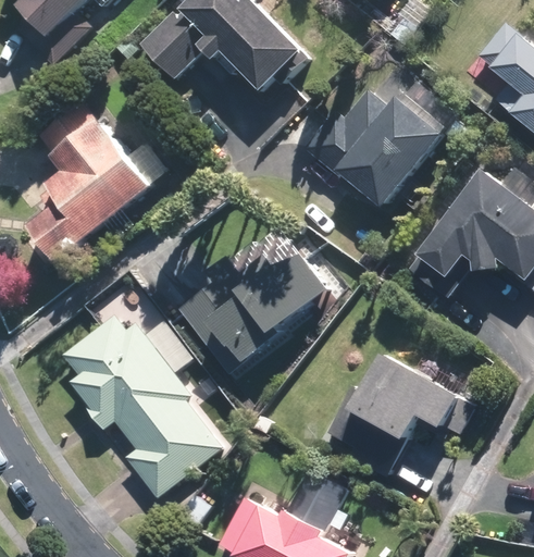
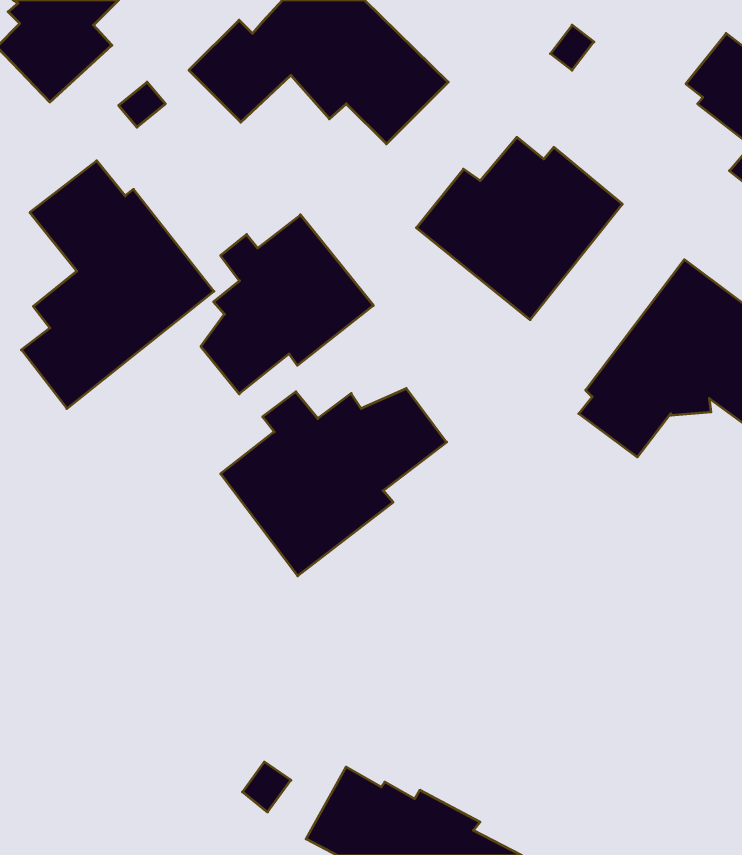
building: none -> [201,215,373,394]
building: [71,317,231,499] -> none
building: [311,345,474,484] -> none

